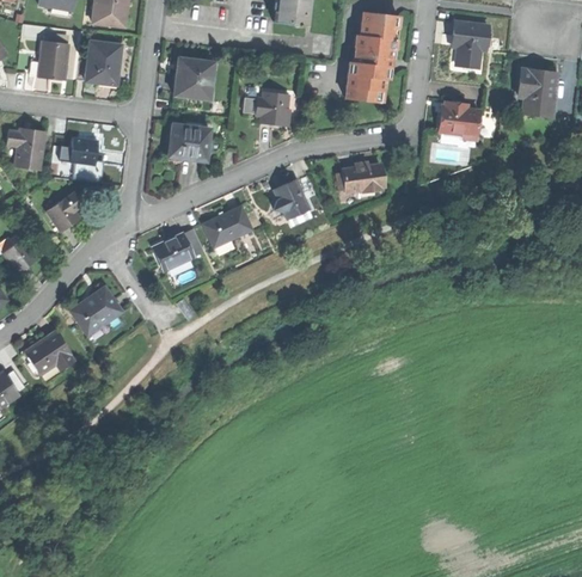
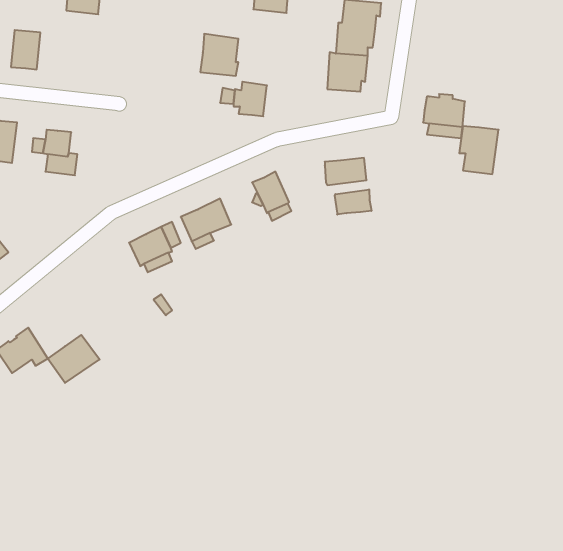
building: [453,22,488,67] -> none
building: [85,41,121,85] -> none
building: [174,56,212,97] -> [200,34,238,76]
building: [517,68,556,115] -> [459,126,499,174]
building: [169,122,210,159] -> none
building: [45,192,81,232] -> none
building: none -> [335,189,371,215]
building: [71,287,121,333] -> [48,335,100,383]

